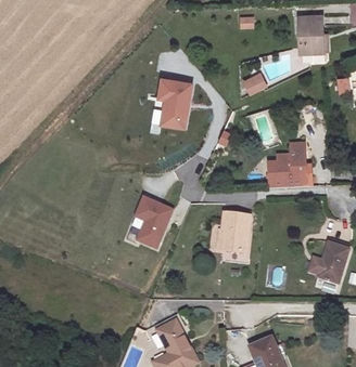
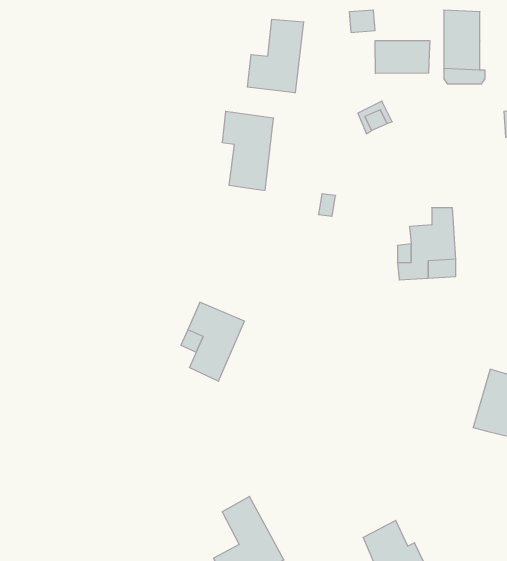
building: none -> [247,19,304,93]
building: none -> [375,41,430,74]
building: [221,214,251,257] -> none

